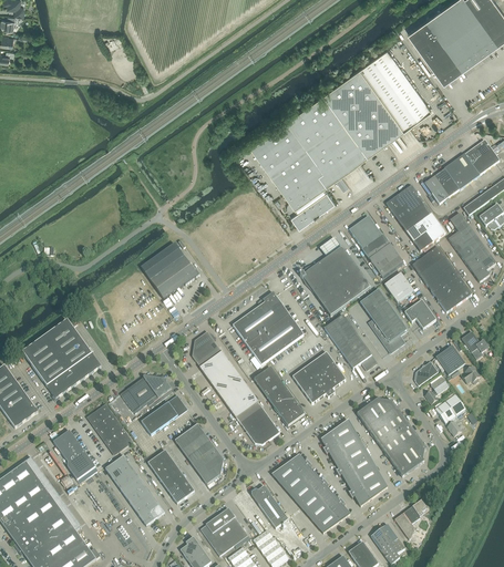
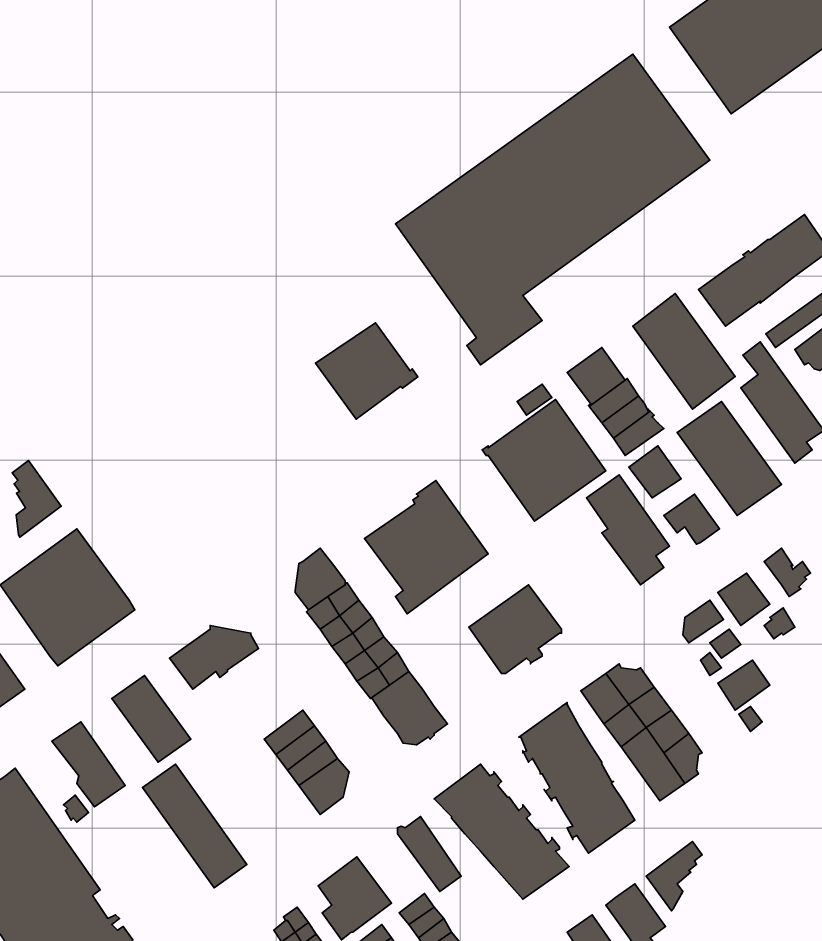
building: [140,243,198,298] -> [316,323,418,419]
building: none -> [12,461,61,537]
building: [323,313,380,369] -> none
building: [253,367,304,425] -> none
building: [141,394,186,434] -> none
building: [147,450,194,503] -> none

